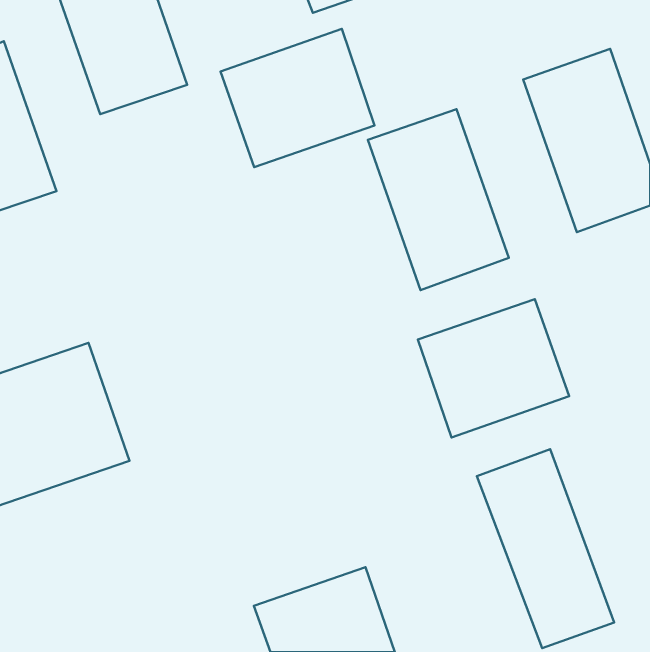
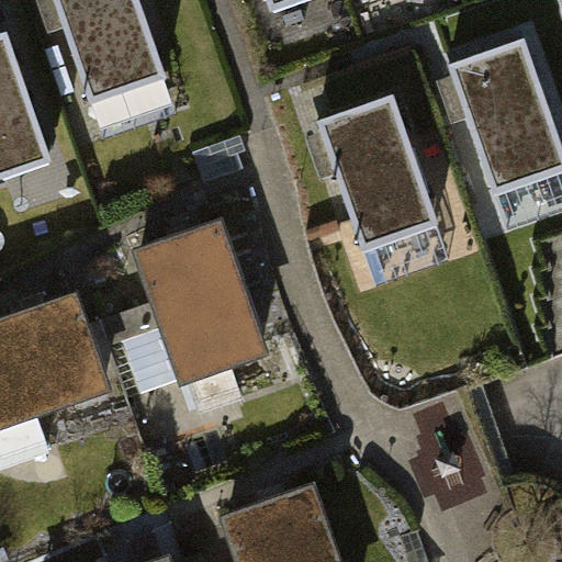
building: [221,29,375,167] -> none
building: none -> [131,221,269,389]
building: [418,299,569,437] -> none

